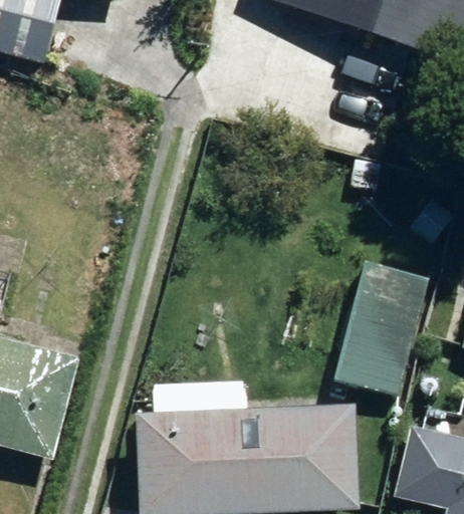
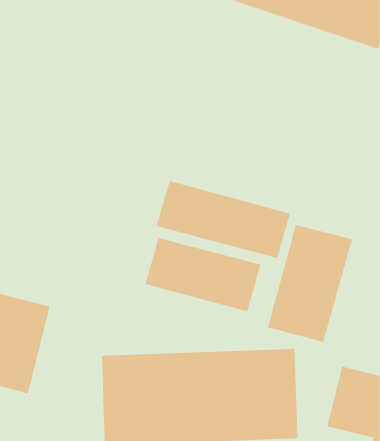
building: none -> [156,180,290,259]
building: none -> [145,237,261,312]

